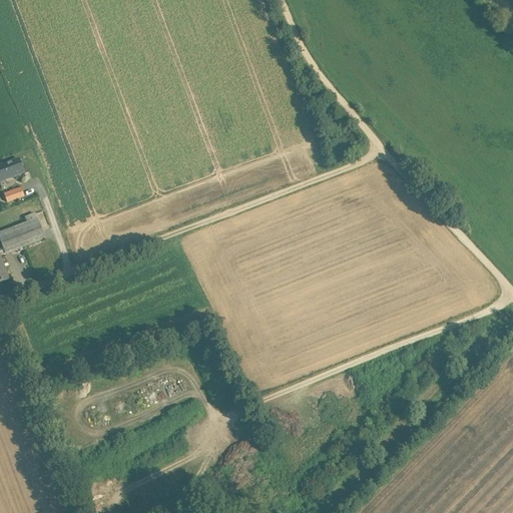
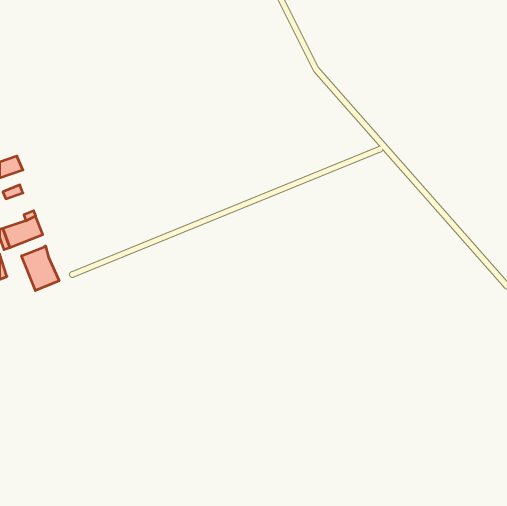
building: none -> [22,246,59,291]

